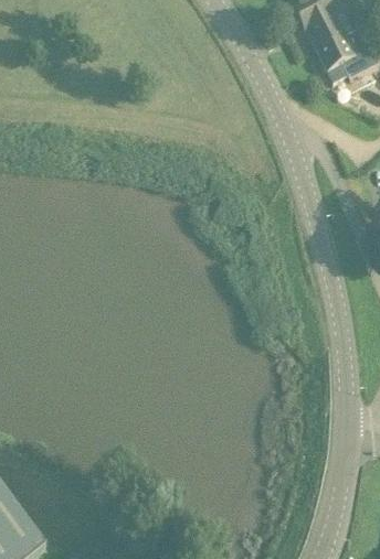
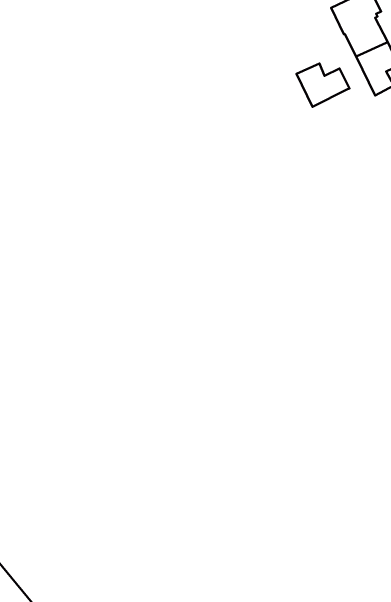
building: none -> [296,63,350,107]

